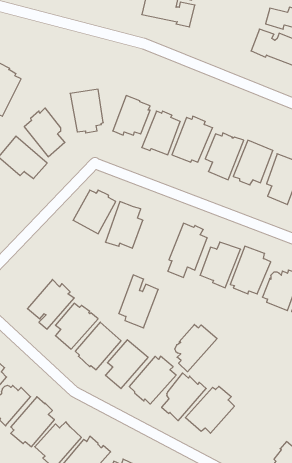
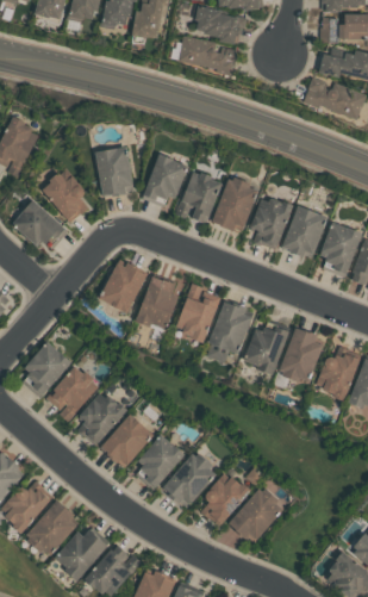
building: none -> [23,341,73,398]
building: [119,275,158,328] -> [175,282,220,343]
building: [175,324,217,372] -> none

